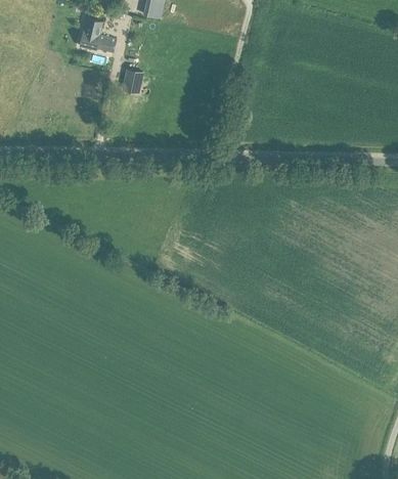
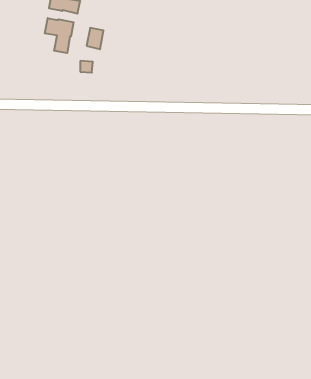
building: none -> [45,18,74,53]

